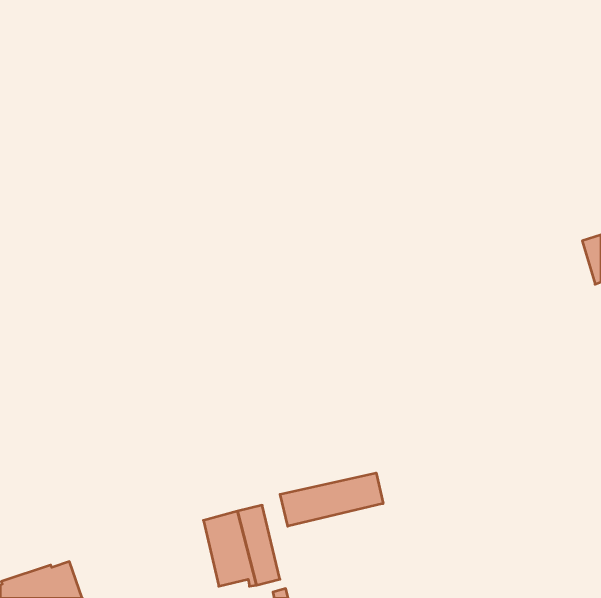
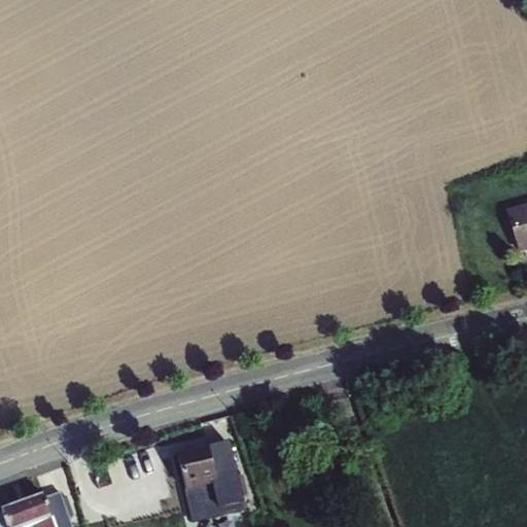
building: [280,473,383,526] -> none

